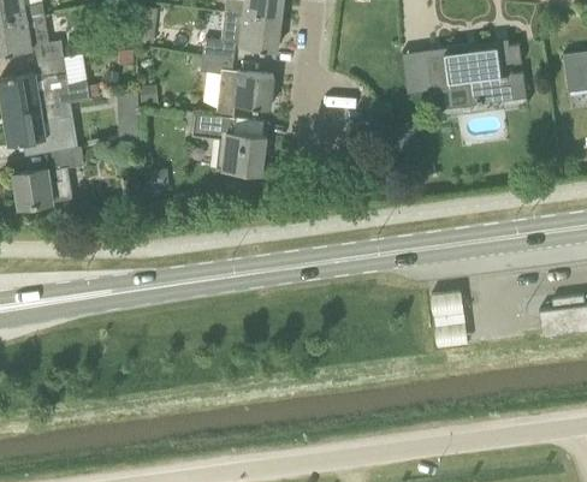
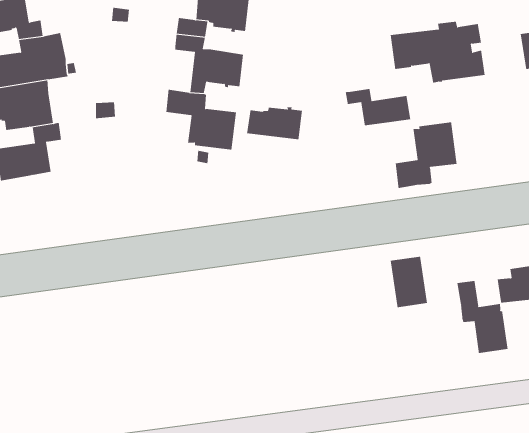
building: none -> [345,88,411,126]
building: none -> [246,107,302,140]
building: none -> [395,121,457,189]
building: none -> [457,280,508,354]

